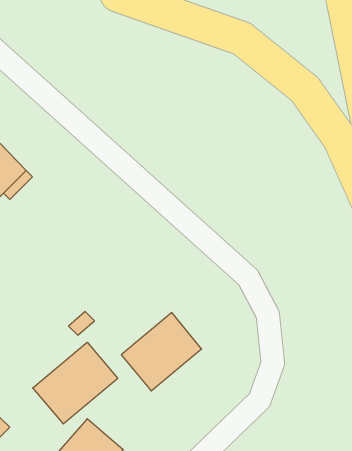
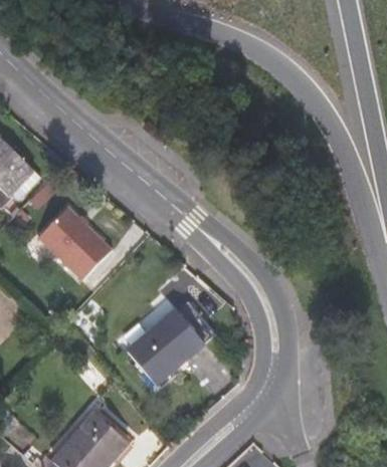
building: none -> [36,207,111,280]
building: [33,342,118,424] -> none

